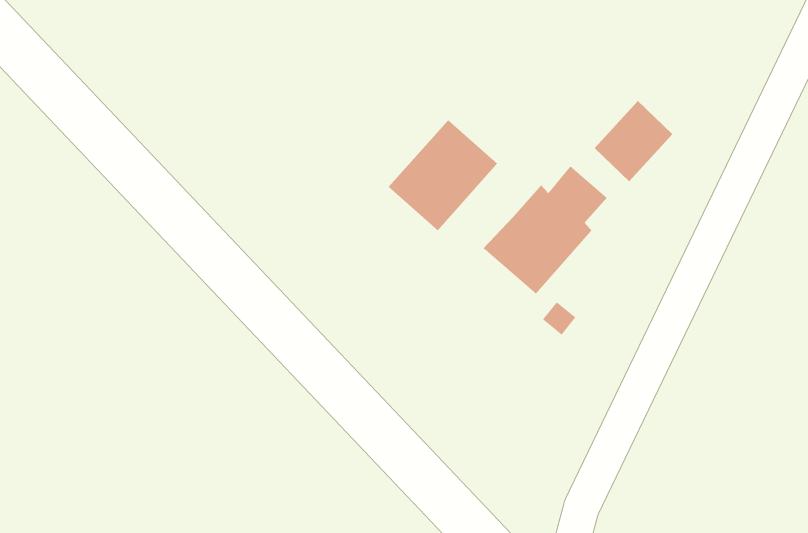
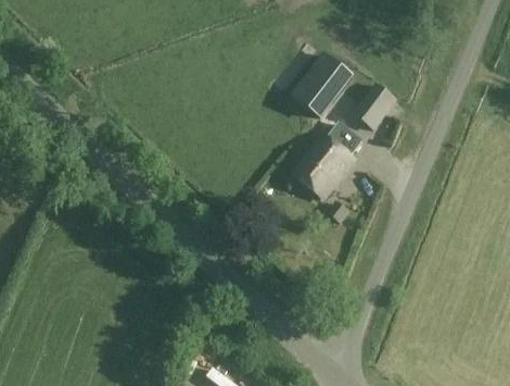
building: [388,119,498,231] -> [293,53,356,119]

